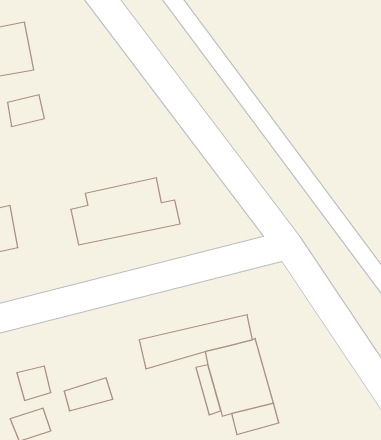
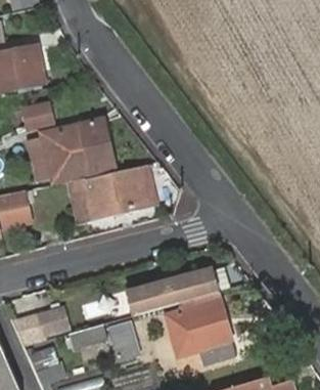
building: none -> [40,120,112,181]
building: none -> [107,319,139,360]

